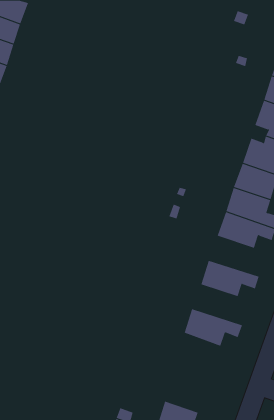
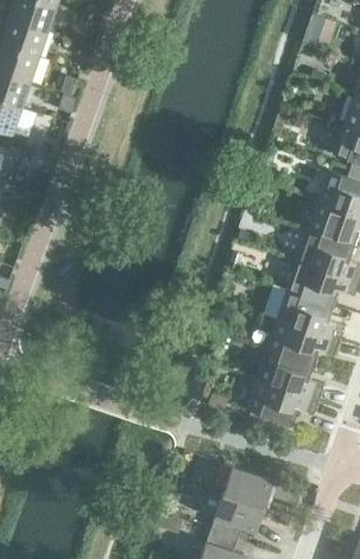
building: none -> [276,290,343,339]
building: none -> [255,349,323,399]
building: none -> [222,466,301,506]

